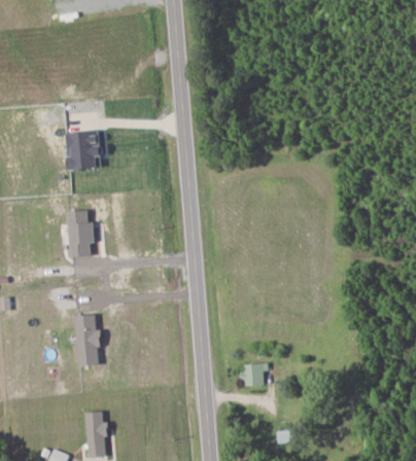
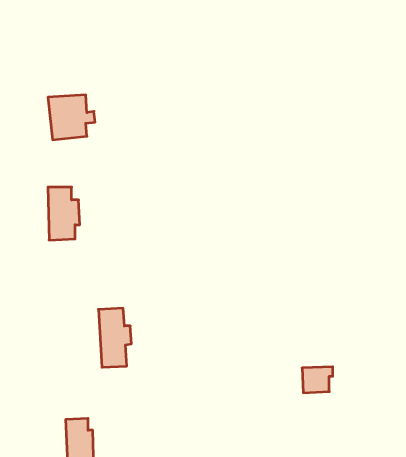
building: [73,315,102,366] -> [98,308,131,367]
building: [238,364,265,387] -> [302,367,333,393]

